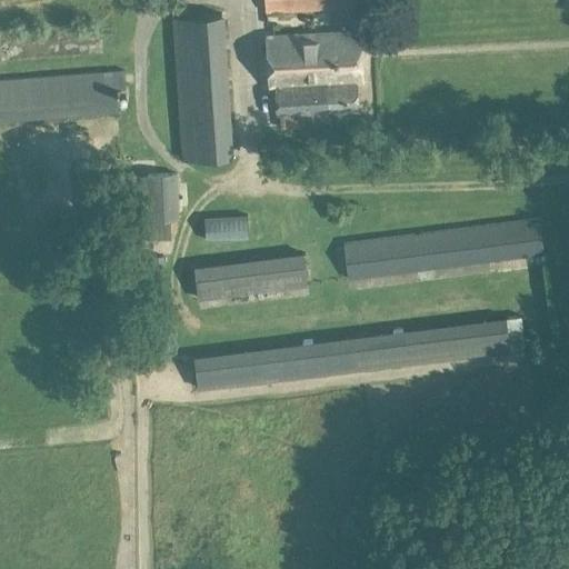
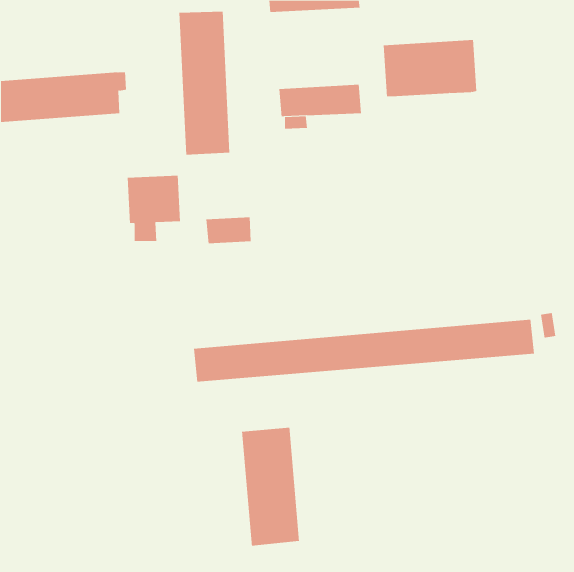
building: [268,33,361,90] -> [383,40,477,97]
building: [343,220,543,283] -> none
building: [194,254,308,302] -> none
building: none -> [242,427,300,546]

